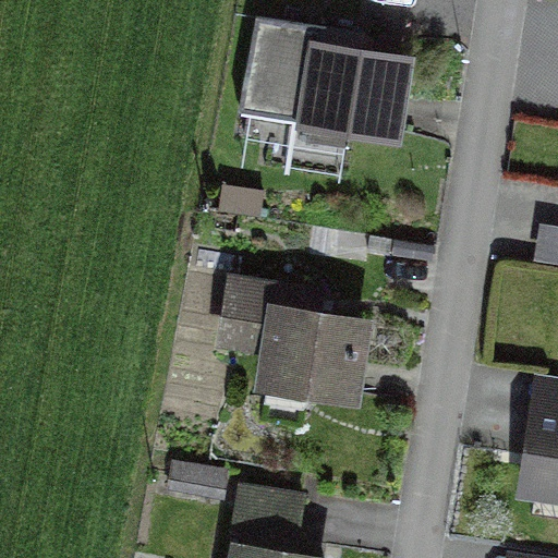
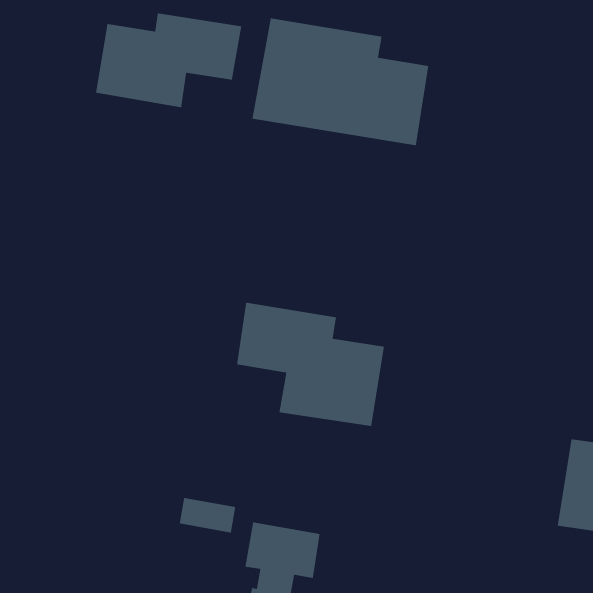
building: none -> [95,13,242,108]

